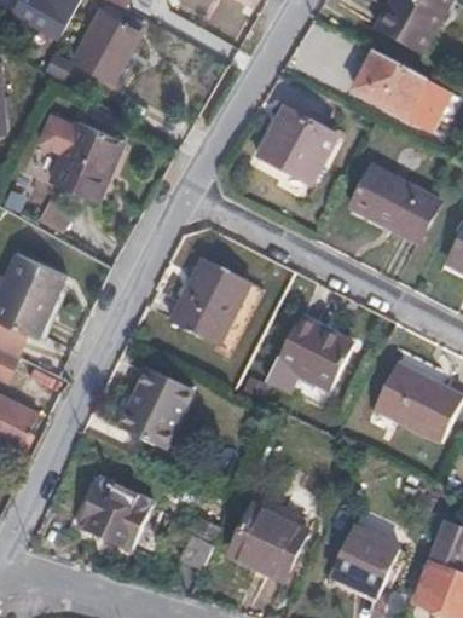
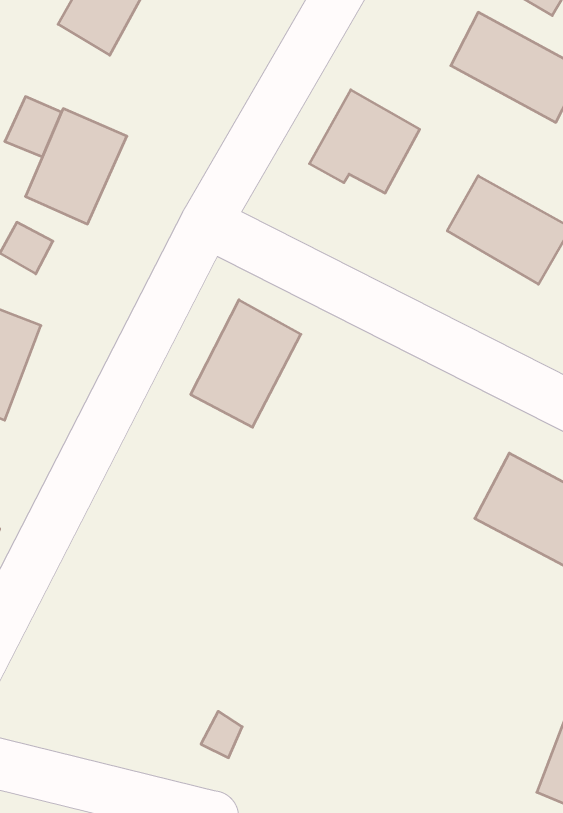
building: [273,313,351,388] -> none
building: [117,368,190,447] -> none
building: [79,477,154,548] -> none
building: [231,507,306,582] -> none
building: [331,531,399,599] -> none

